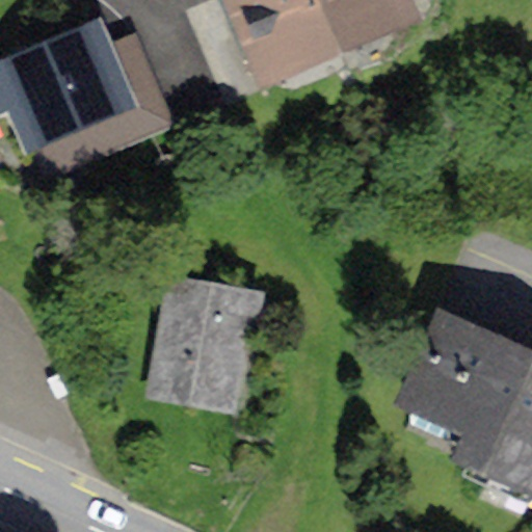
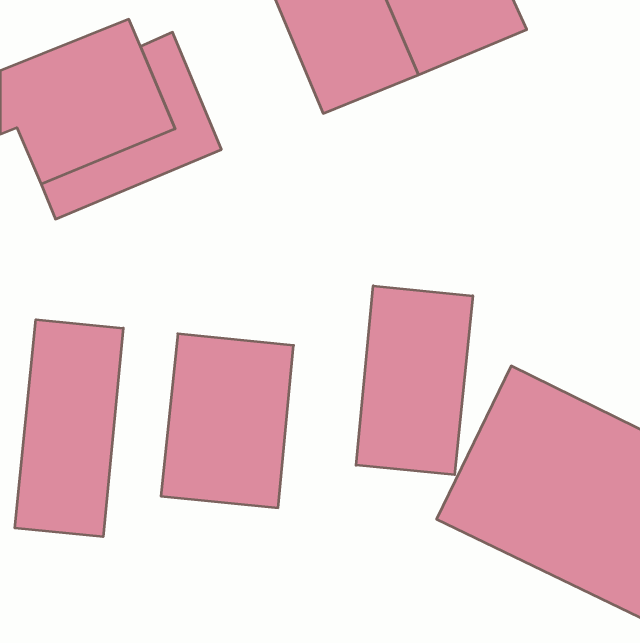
building: none -> [356,286,473,475]
building: none -> [15,320,123,537]

